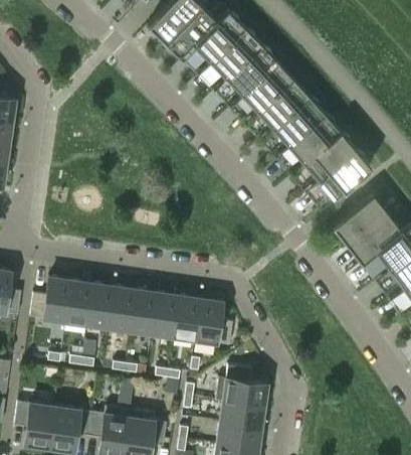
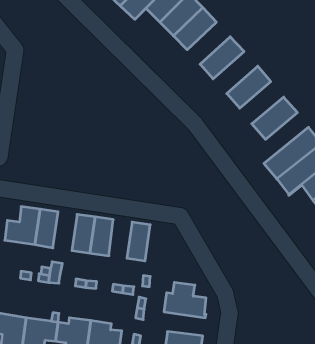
building: [243,61,293,111] -> none
building: [273,96,326,145] -> none
building: [304,131,356,180] -> none
building: [86,283,115,328] -> none
building: [152,292,179,337] -> none
building: [194,298,234,345] -> none
building: [216,400,264,428] -> none

